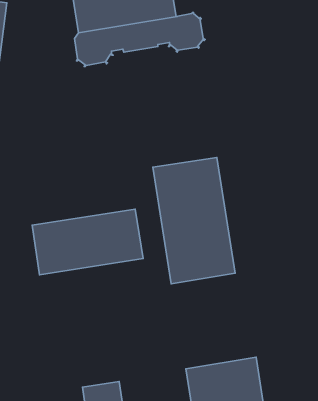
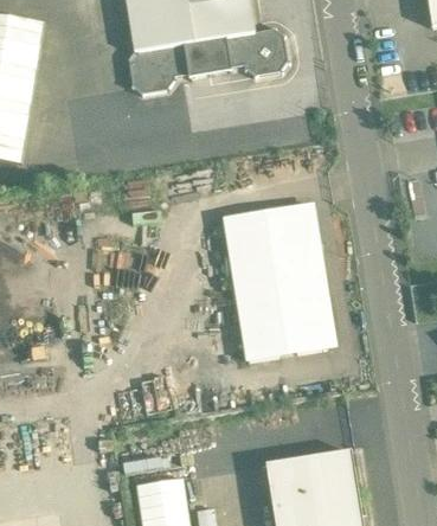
building: [32,209,143,275] -> none

